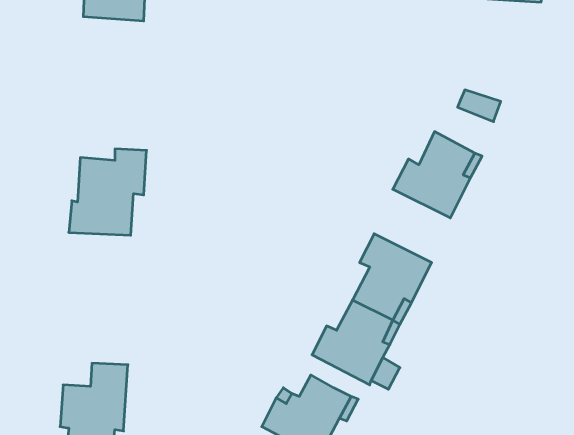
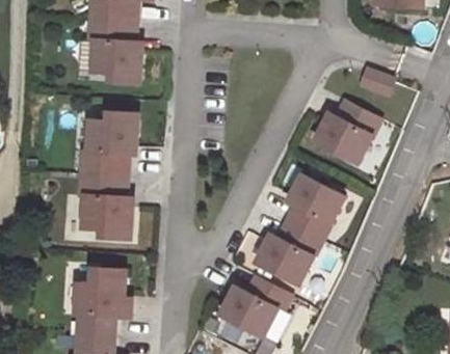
building: none -> [89,18,142,83]
building: none -> [80,173,132,239]

